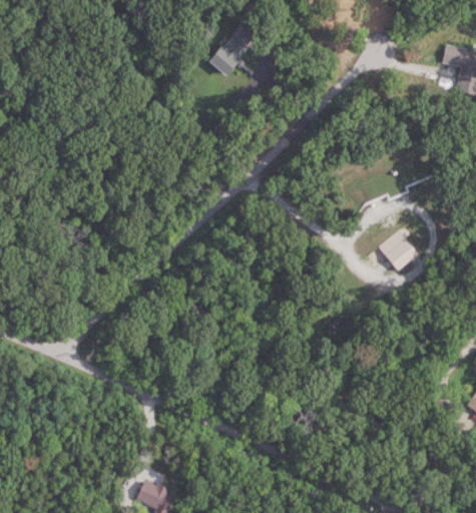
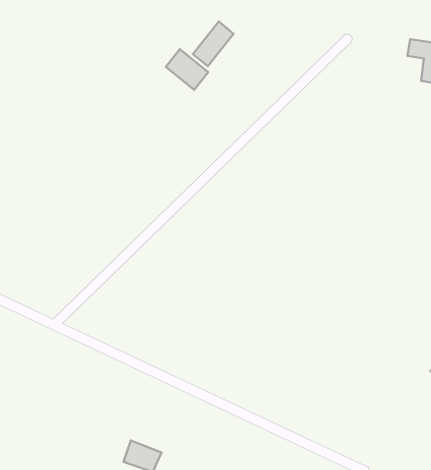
building: none -> [166,49,208,90]
building: [379,230,419,271] -> none

